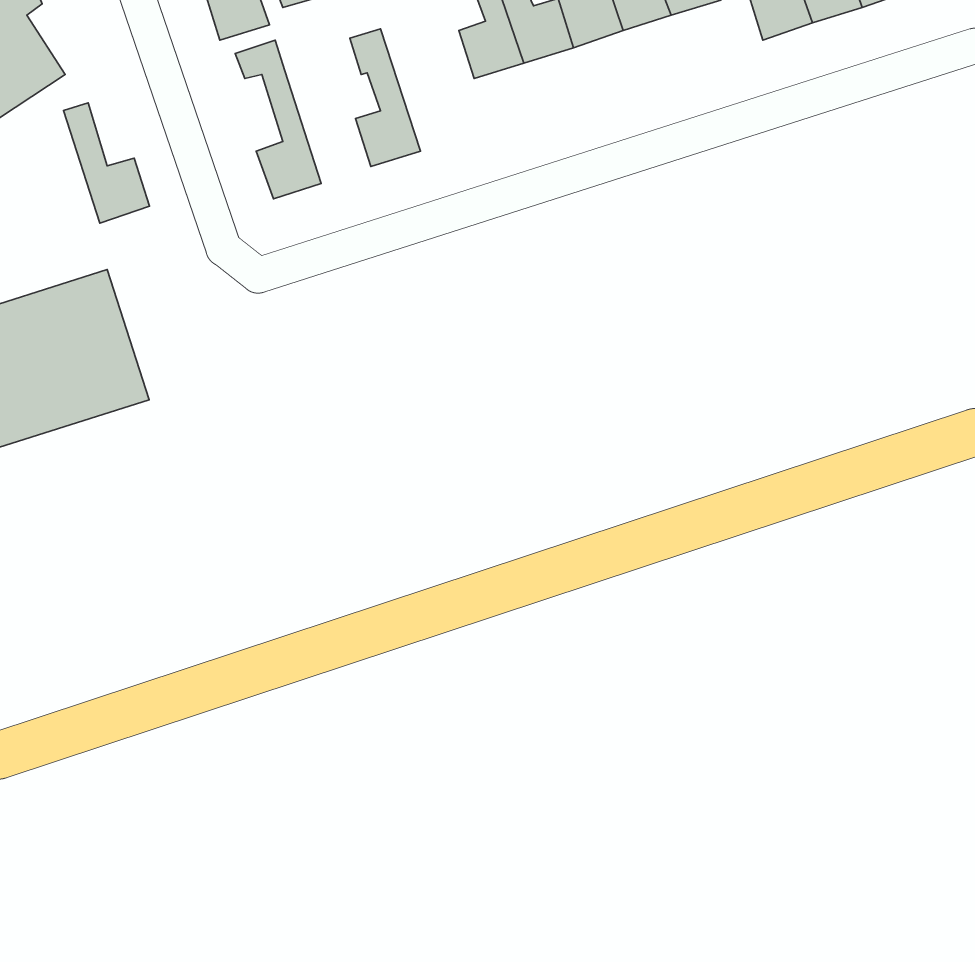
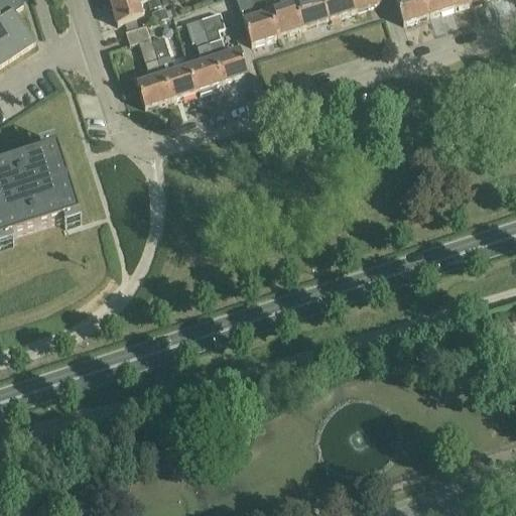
building: none -> [201,9,247,80]
building: [63,103,149,223] -> [150,33,196,97]

